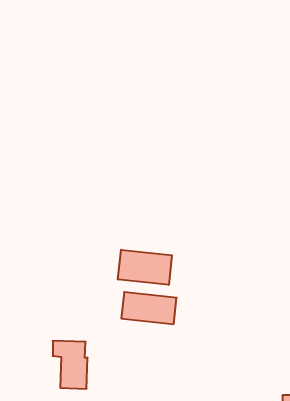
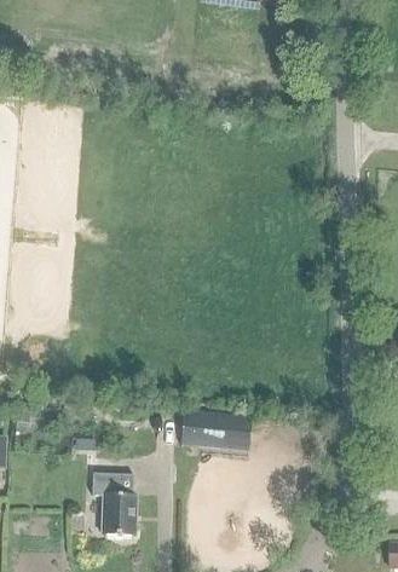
building: [118,250,172,285] -> none

